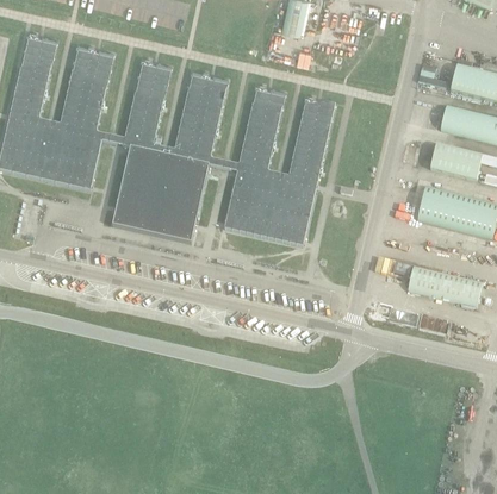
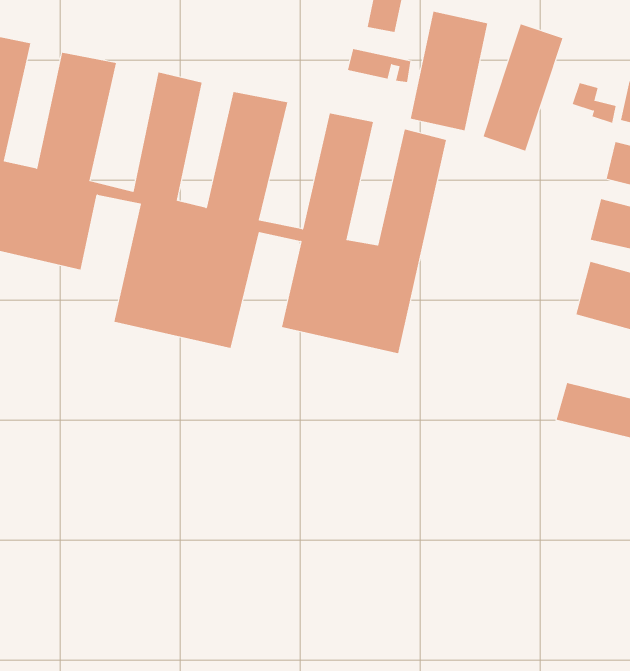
building: none -> [410,11,488,131]
building: none -> [483,23,563,152]

